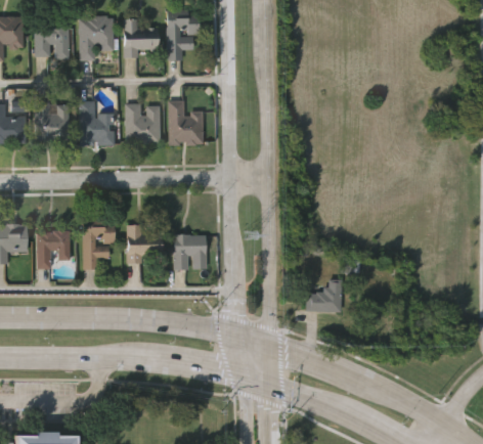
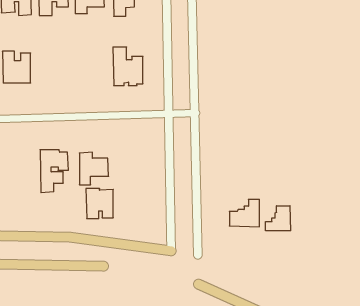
building: [80,101,115,146] -> none
building: [126,103,161,144] -> none
building: [38,231,72,270] -> none
building: [174,234,207,270] -> [86,189,113,219]
building: none -> [266,206,291,231]

